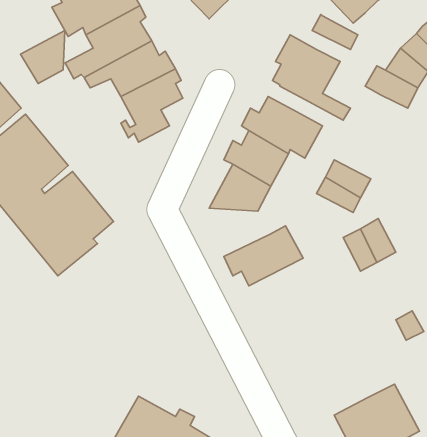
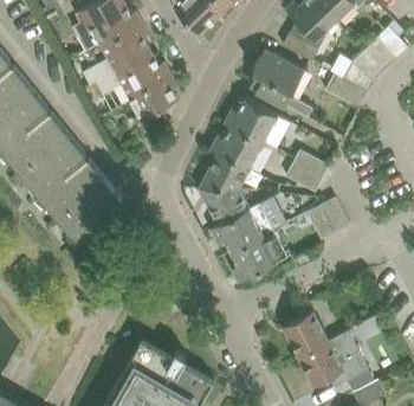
building: [21,30,65,83] -> none
building: none -> [199,189,247,228]
building: none -> [231,230,289,283]
building: none -> [284,303,326,356]

